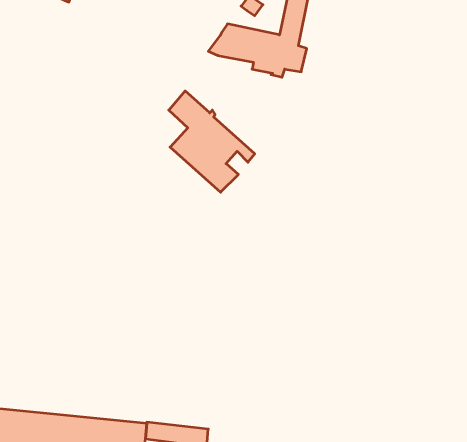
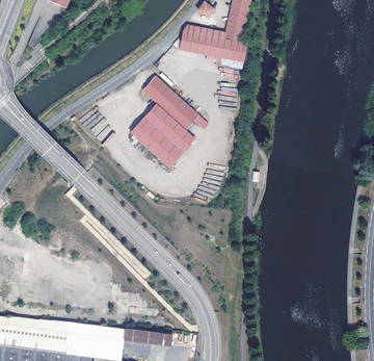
building: none -> [131,119,182,167]

